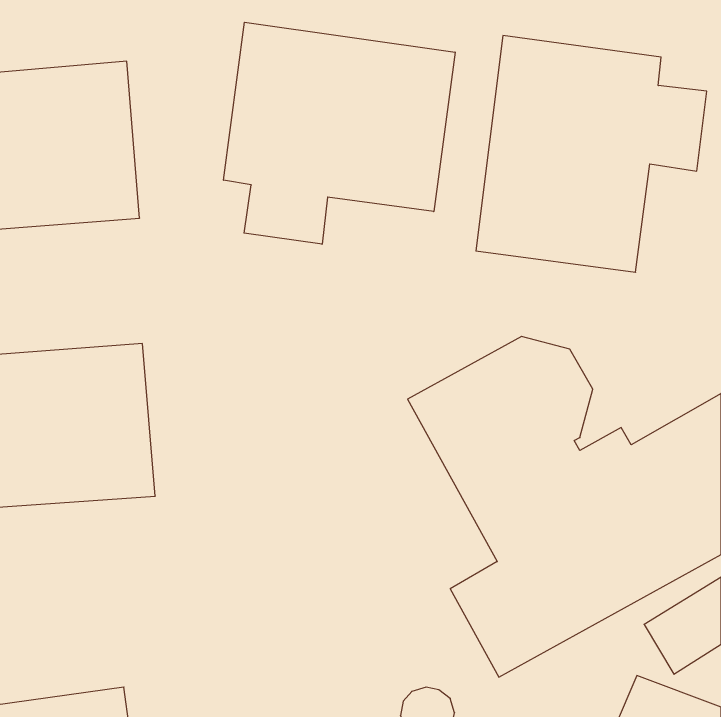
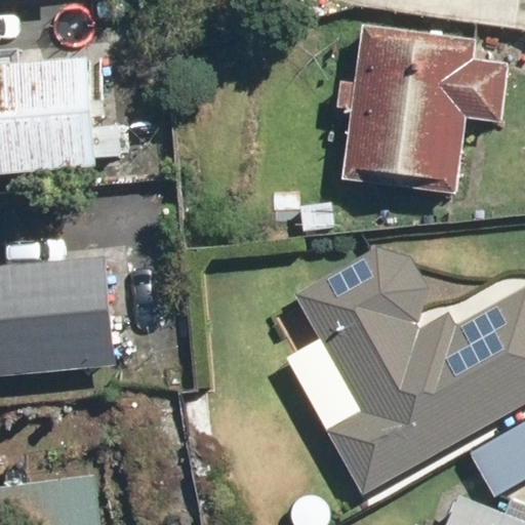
building: [224,22,455,244] -> none

